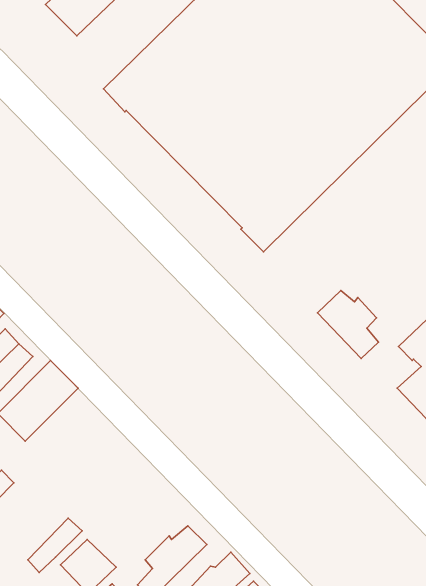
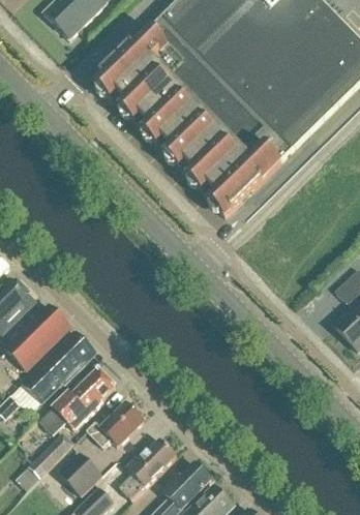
building: [317,290,378,358] -> none
building: none -> [19,333,91,403]
building: none -> [40,367,116,434]
building: none -> [88,402,145,446]

